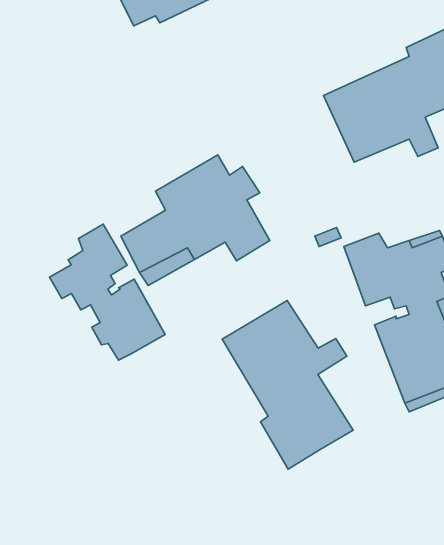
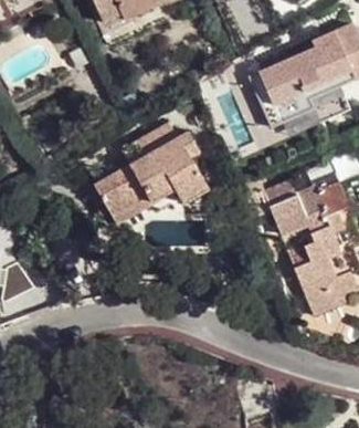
building: [50,224,165,360] -> none
building: [222,300,353,469] -> none

